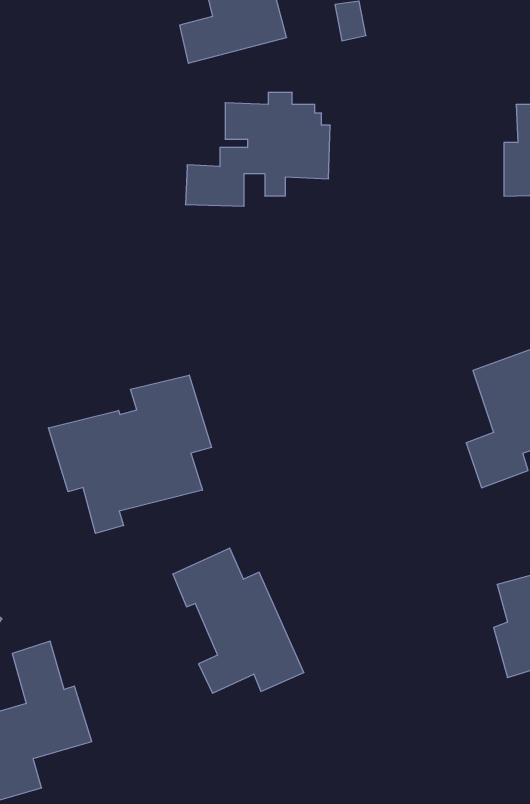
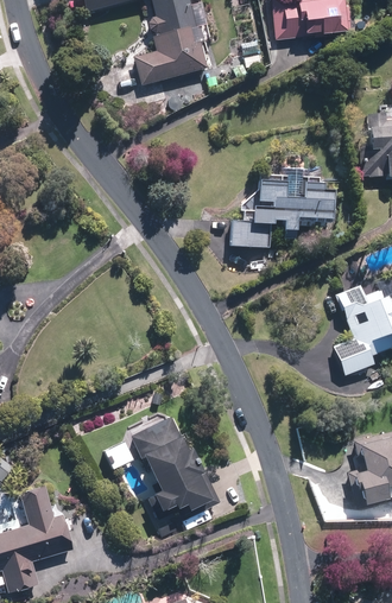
building: [185,92,330,206] -> [229,167,329,246]
building: [48,375,212,533] -> none

